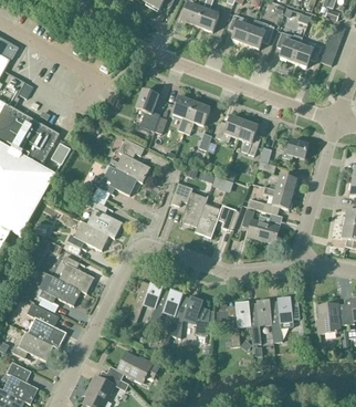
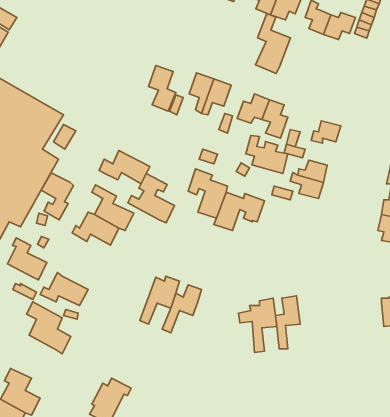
building: none -> [256,13,291,73]
building: [108,137,150,181] -> [128,173,175,223]
building: none -> [41,173,74,220]
building: [242,208,280,242] -> [246,135,288,174]
building: [59,254,94,292] -> [8,238,47,280]
building: [168,292,210,335] -> none
building: [271,293,300,341] -> none
building: [317,302,347,332] -> none
building: [11,330,53,359] -> none
building: [107,351,158,382] -> none

